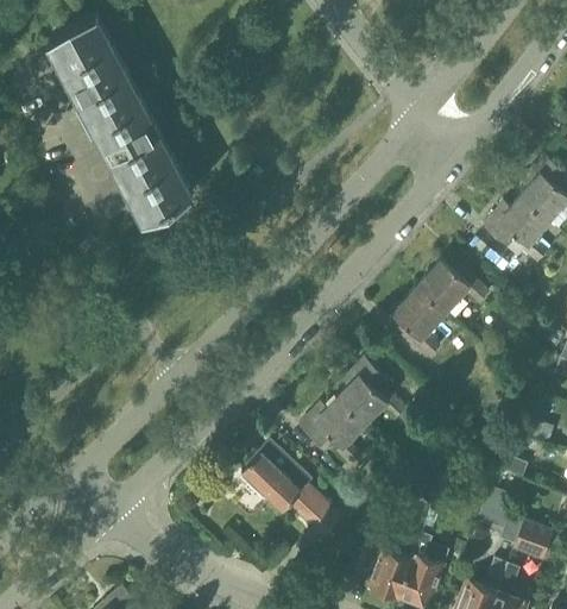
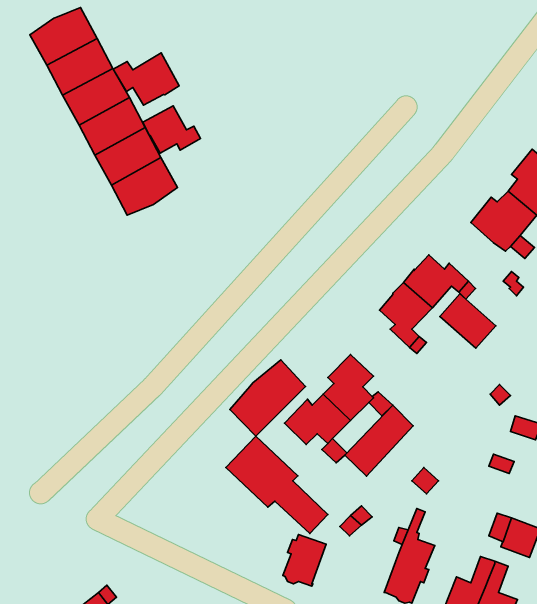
building: none -> [113,53,179,105]
building: none -> [143,106,201,153]
building: none -> [440,294,496,348]
building: none -> [230,360,306,436]
building: none -> [345,405,413,476]
building: [368,547,411,598] -> [283,535,326,586]

